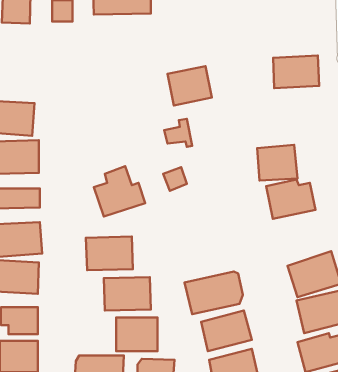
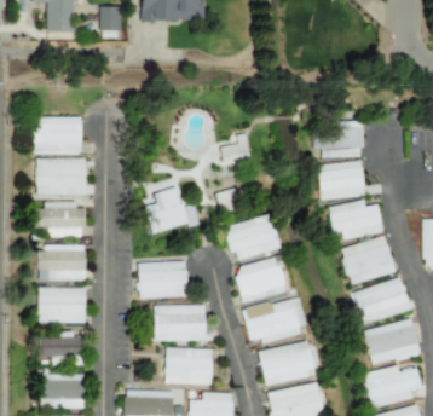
building: [273,56,319,88] -> [312,122,362,157]
building: [167,66,212,106] -> none
building: none -> [226,213,276,256]
building: none -> [342,236,394,284]
building: none -> [236,255,288,304]

